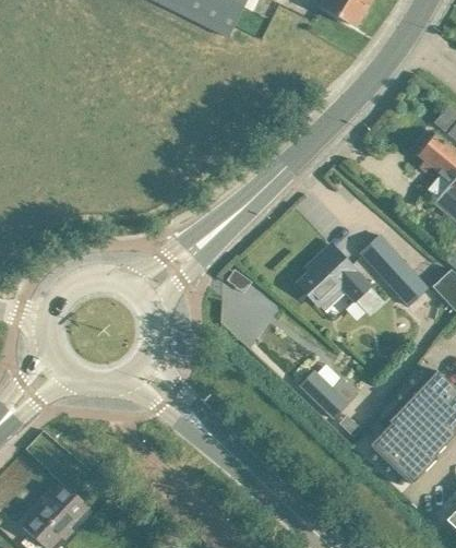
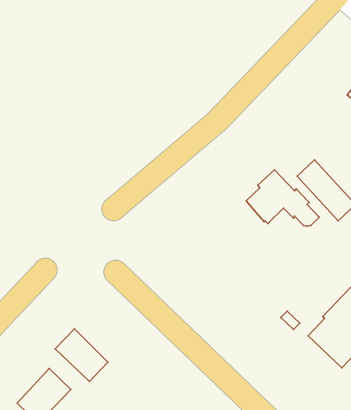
building: [299,364,357,417] -> none
building: none -> [55,329,108,381]

